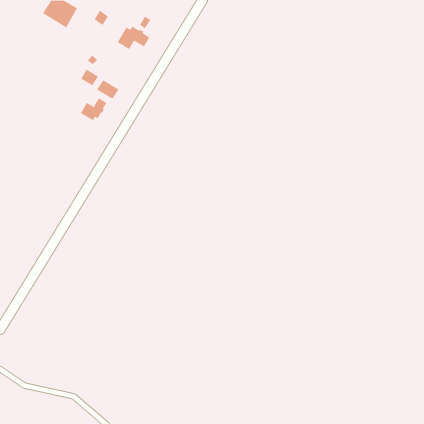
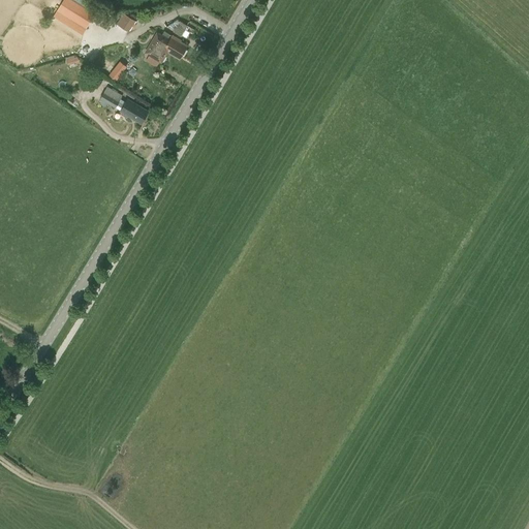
building: [80,97,107,121] -> none

